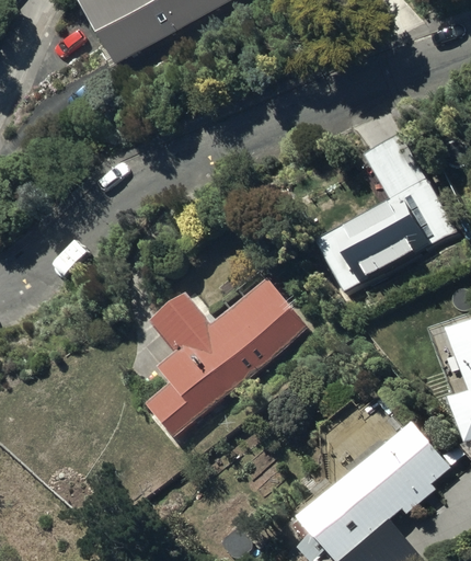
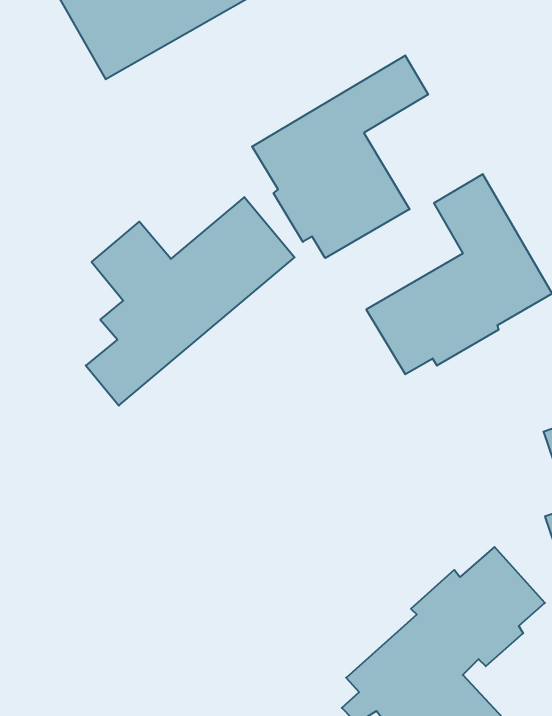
building: none -> [252,55,428,258]
building: [146,277,305,436] -> [86,197,295,406]

